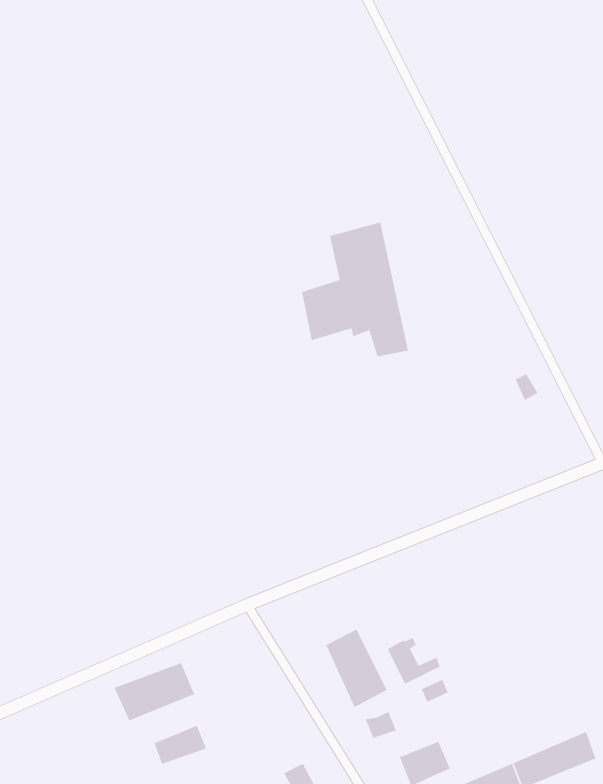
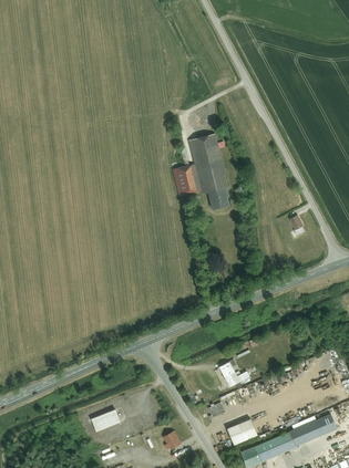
building: [325,628,388,708] -> none
building: [114,662,195,722] -> none

